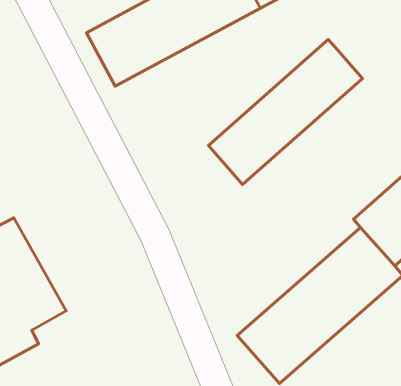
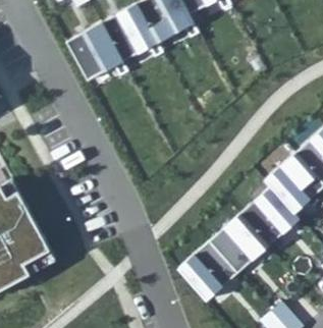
building: [208,39,362,184] -> none

